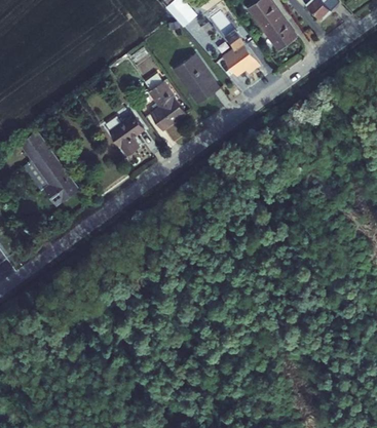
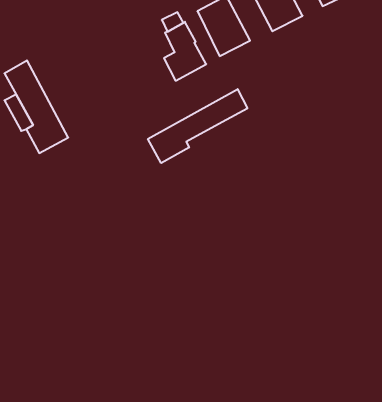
building: [109,113,145,156] -> none
building: none -> [148,89,247,163]

